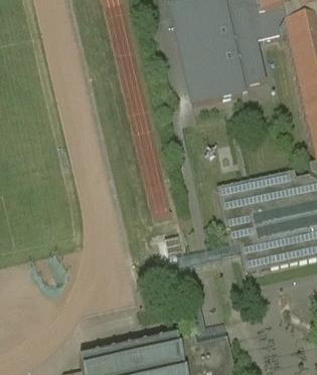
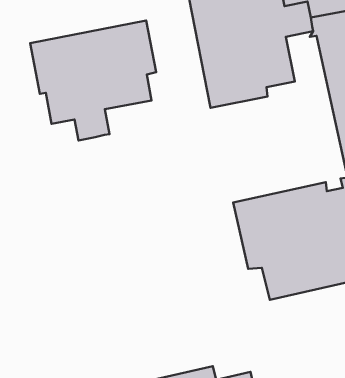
building: none -> [30,20,156,140]

